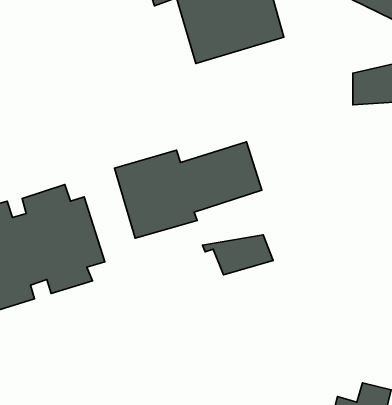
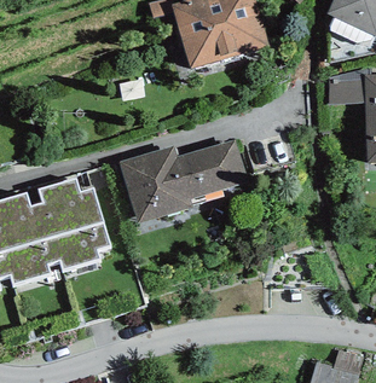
building: [203,235,273,275] -> none

